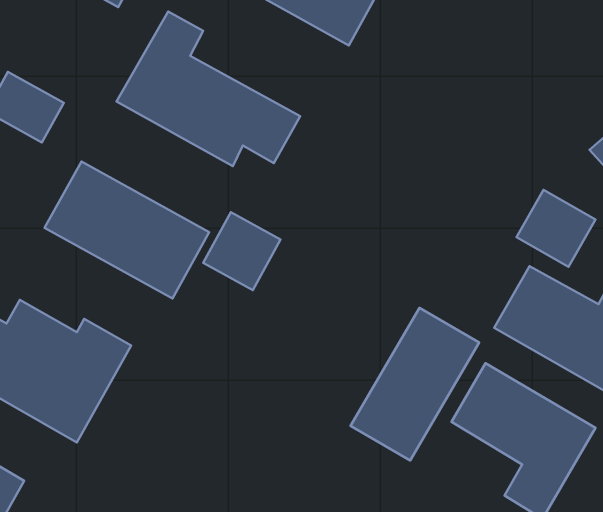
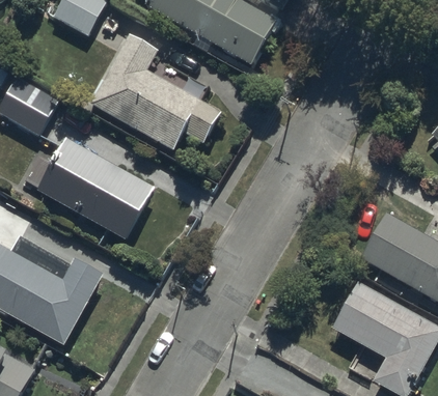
building: [517,190,595,267] -> none
building: [203,212,281,290] -> none
building: [350,308,479,461] -> none

